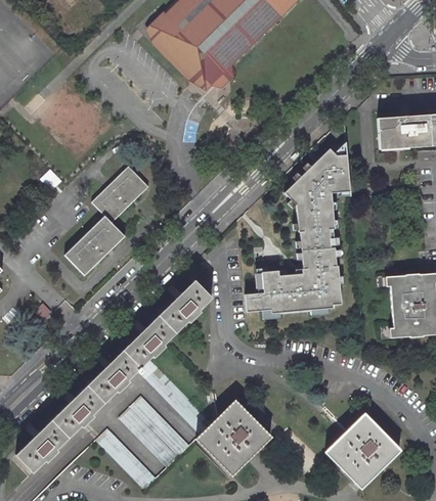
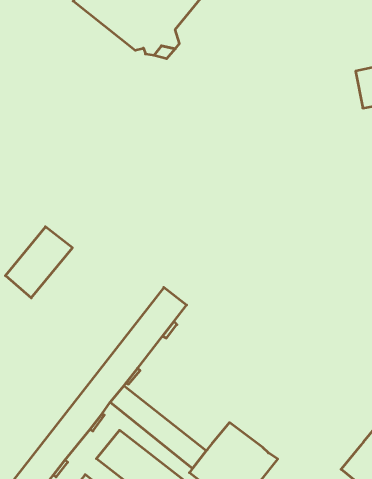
building: [244,142,350,317] -> none
building: [89,166,147,224] -> none

